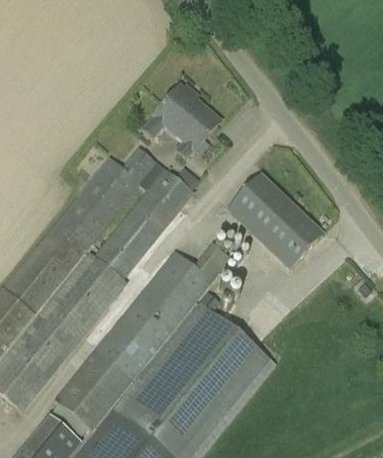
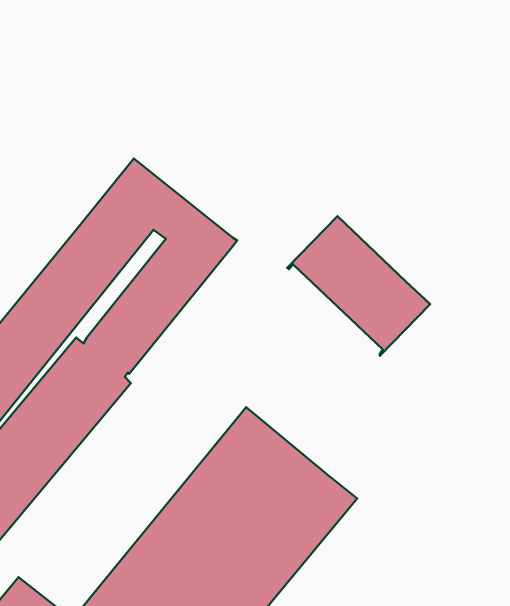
building: [141,83,220,160] -> none
building: [54,244,231,431] -> none

